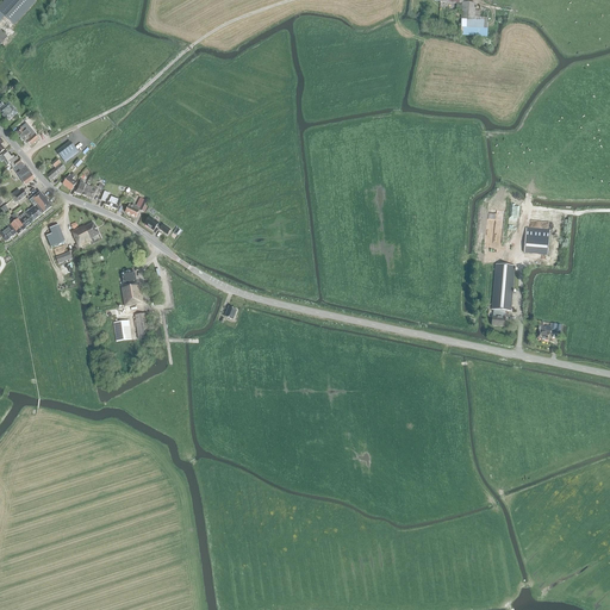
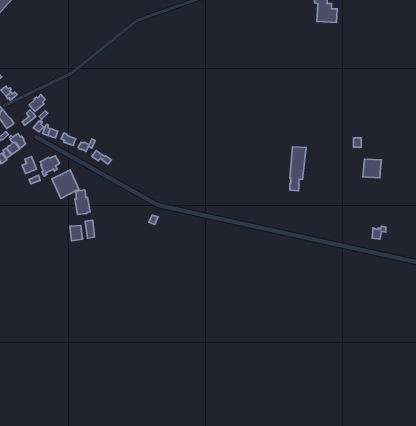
building: none -> [52,170,79,198]
building: [492,263,515,325] -> [290,147,306,191]

